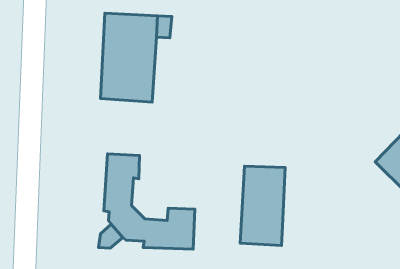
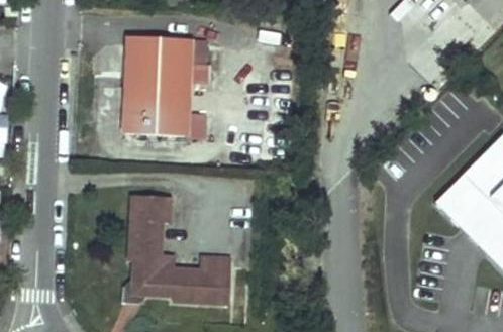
building: [240,166,285,245] -> none

